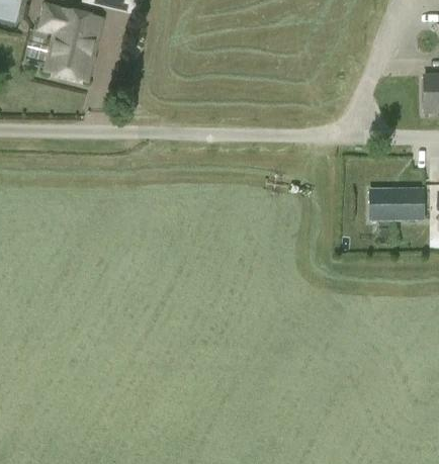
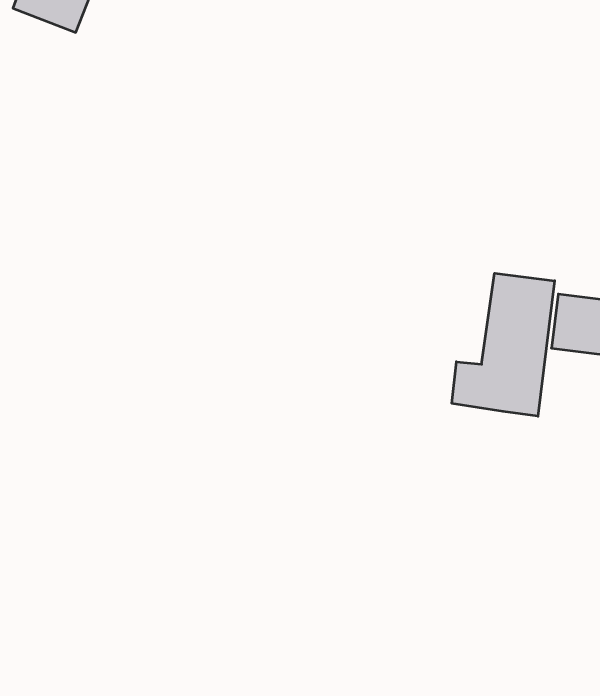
building: none -> [452,273,555,416]

